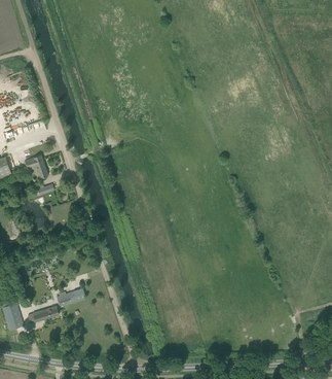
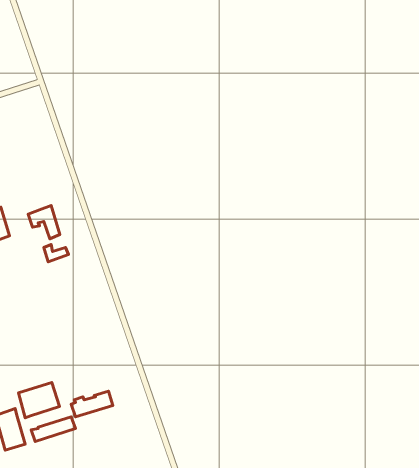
building: none -> [18,382,60,418]

